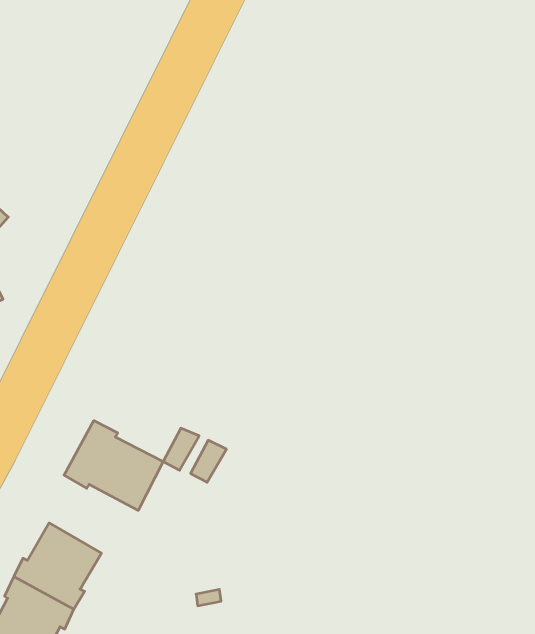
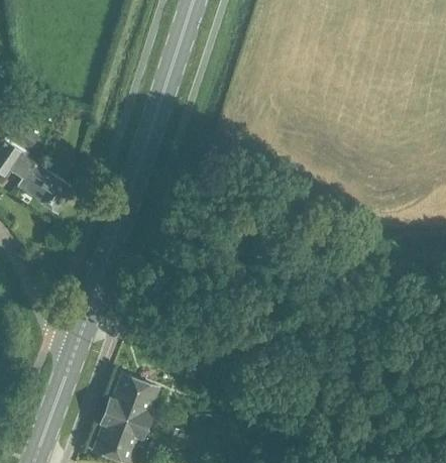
building: [64,421,163,510] -> none

